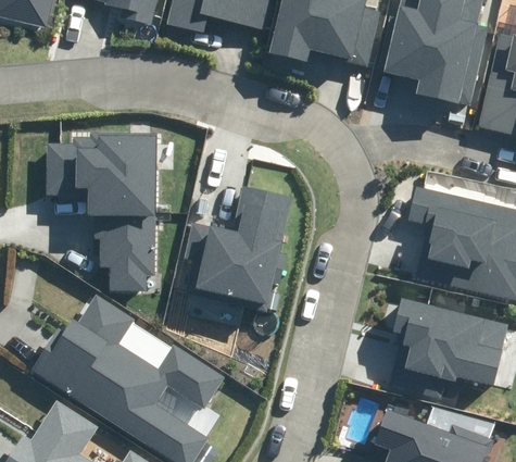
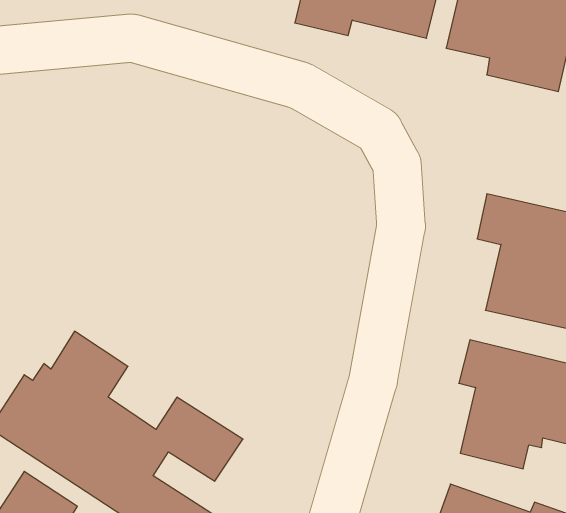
building: [46,132,156,290] -> none
building: [185,187,292,311] -> none

